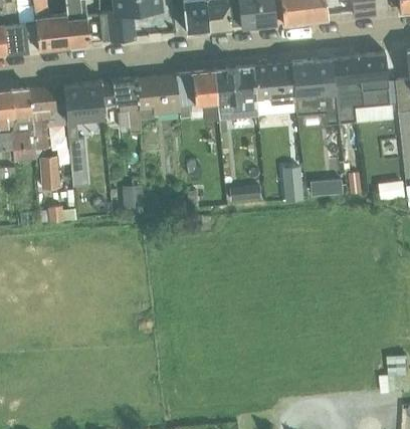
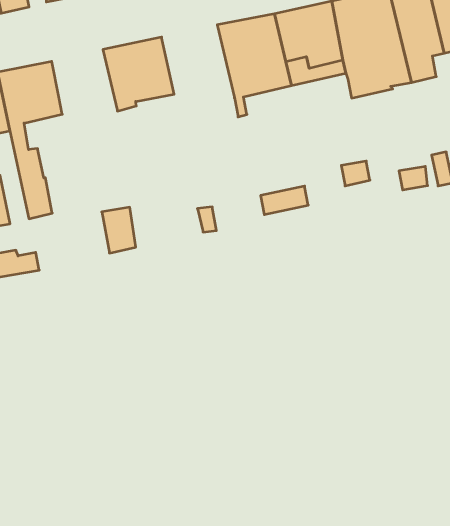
building: [176,71,220,125] -> none
building: [100,79,142,136] -> none

